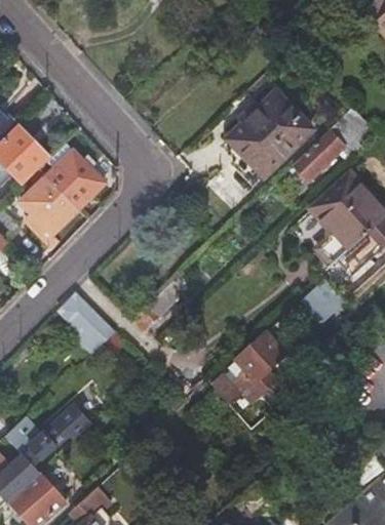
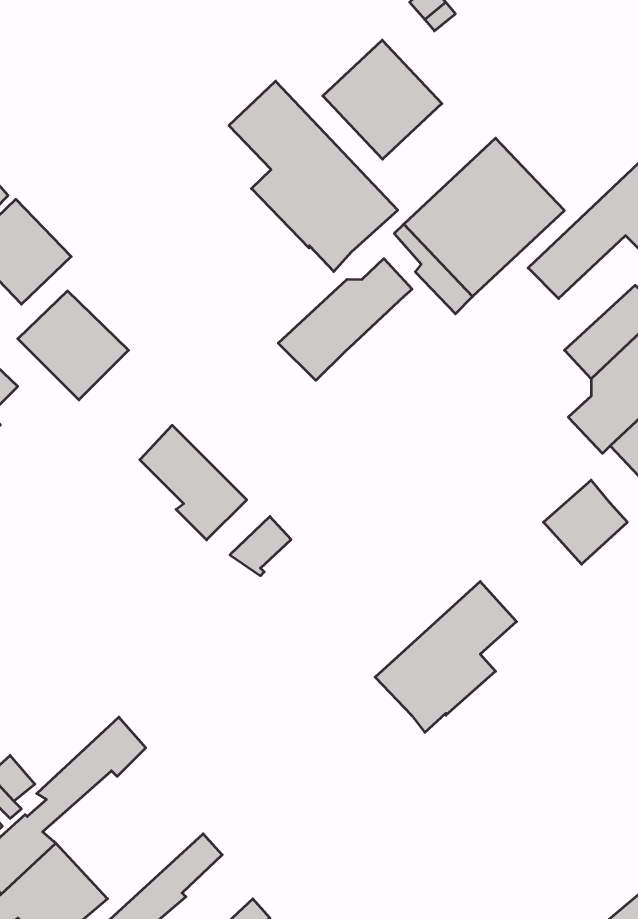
building: none -> [323,40,442,159]
building: none -> [229,81,398,272]
building: [45,149,105,208] -> none
building: none -> [278,259,412,380]
building: [56,290,114,352] -> [140,425,247,540]

